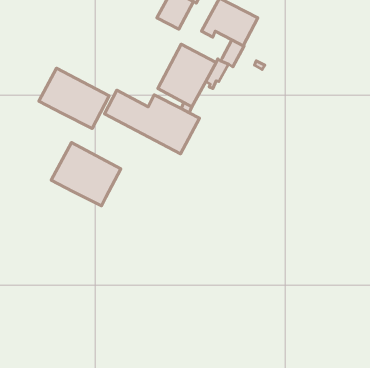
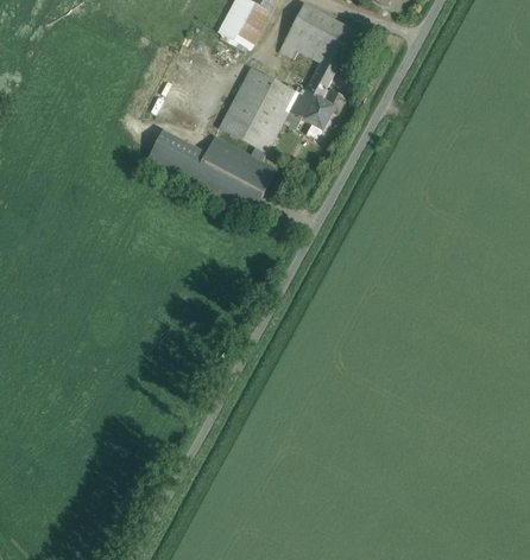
building: none -> [303,89,346,138]
building: [39,68,109,129] -> none
building: [51,143,121,206] -> none

